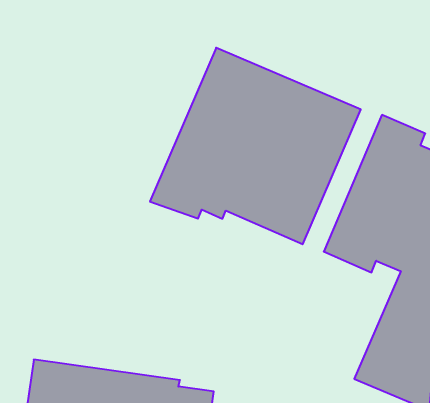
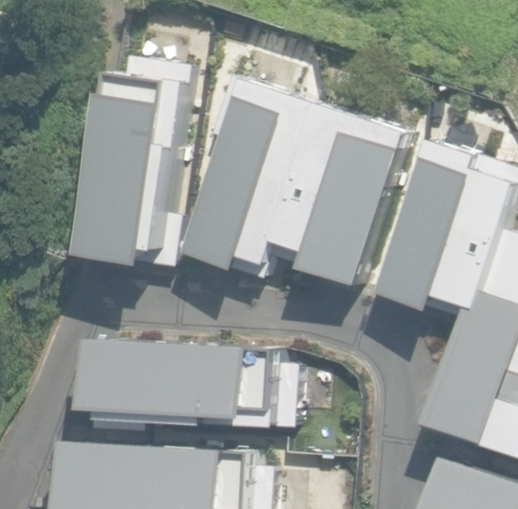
building: none -> [81,57,187,267]
building: none -> [90,338,295,420]

